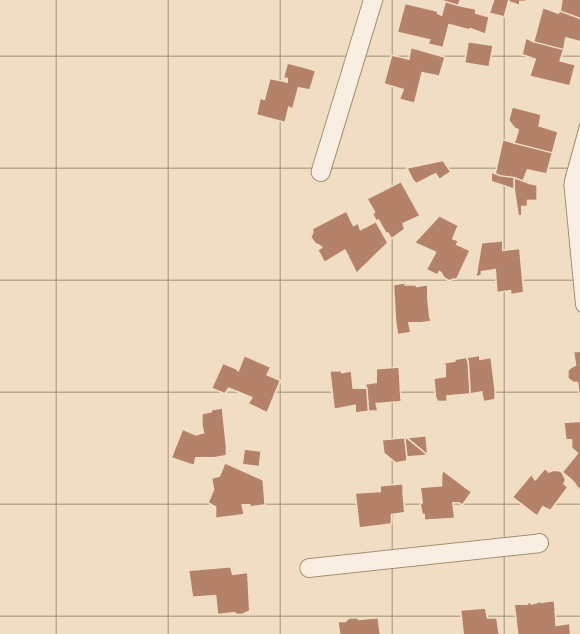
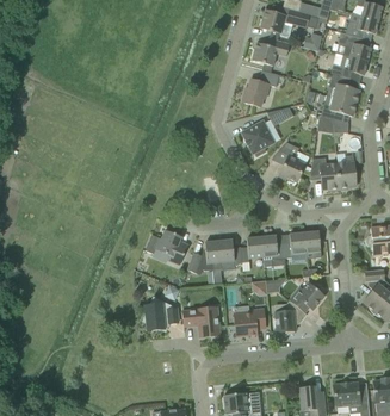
building: [256,63,316,122] -> [242,69,279,106]
building: none -> [330,55,367,79]
building: [310,211,388,273] -> none
building: none -> [336,155,355,190]
building: [394,283,432,334] -> [261,234,285,266]
building: [171,408,227,465] -> [186,238,221,274]
building: [512,468,568,516] -> [289,282,323,312]
building: [189,567,250,615] -> [181,308,219,337]

